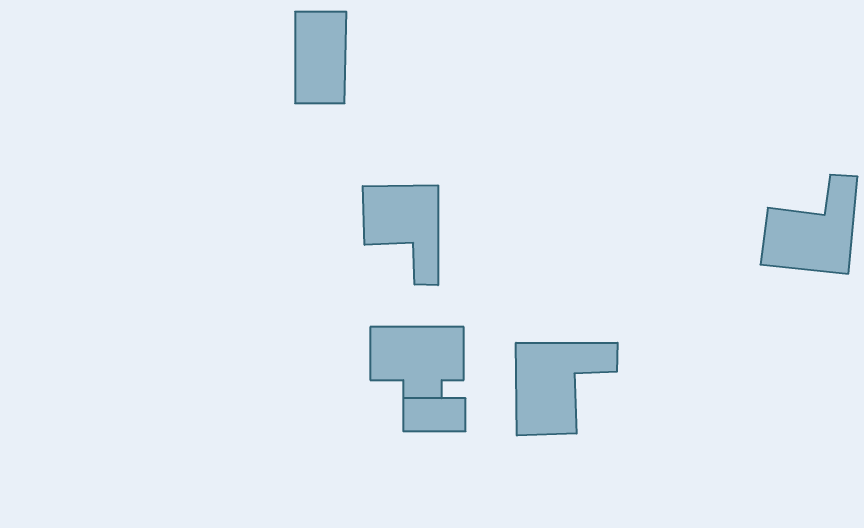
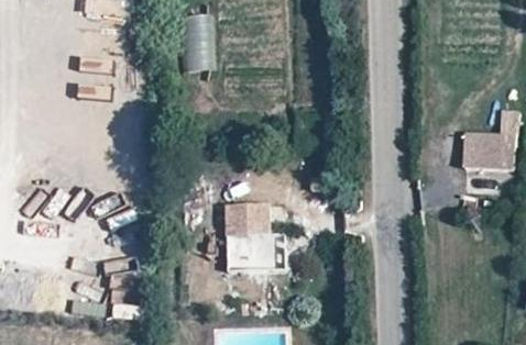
building: [363,185,438,285] -> none
building: [516,343,618,436] -> none

